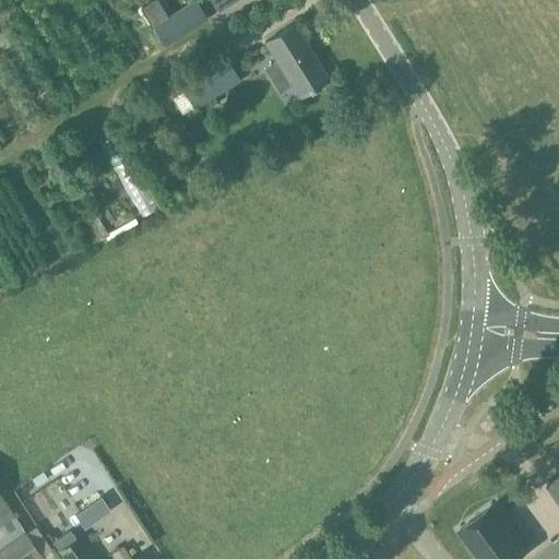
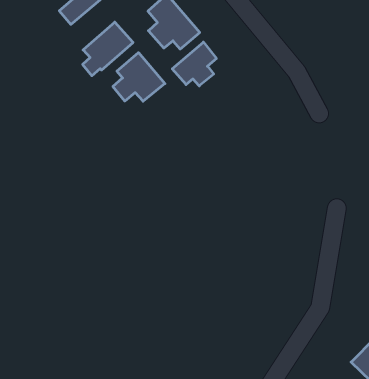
building: none -> [172,42,216,86]
building: none -> [113,53,165,101]

